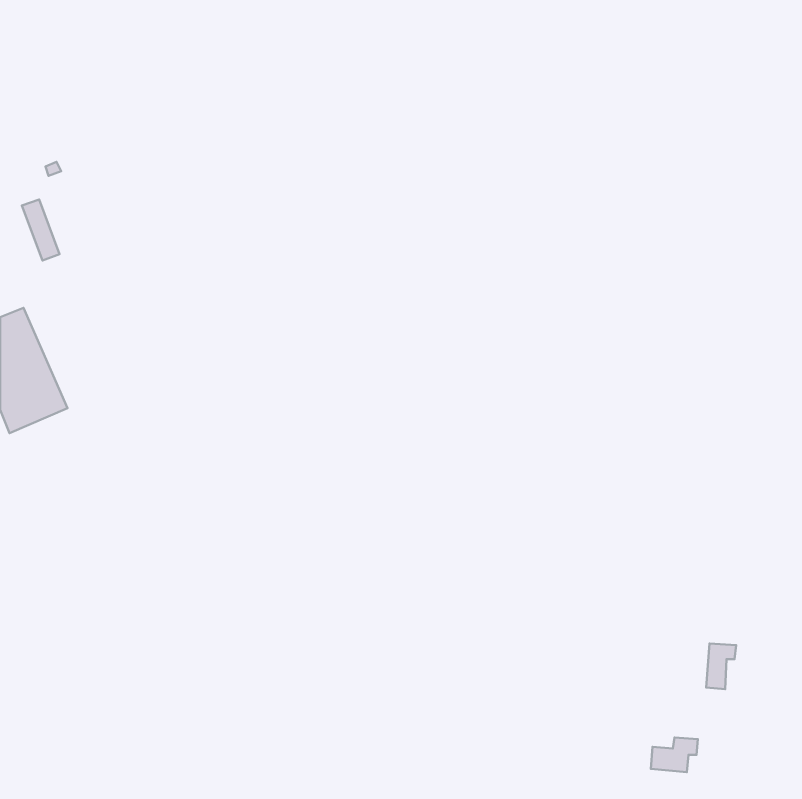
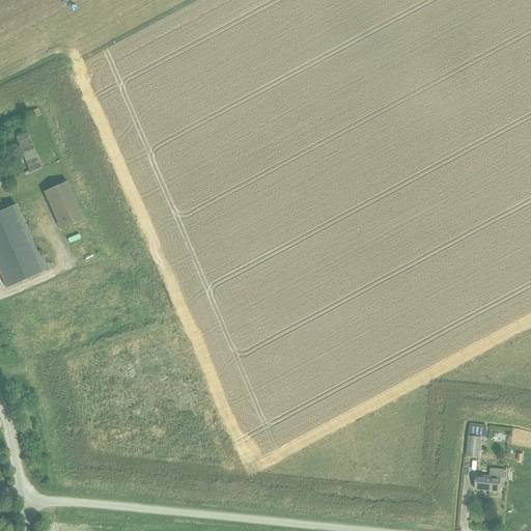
building: none -> [41,180,83,229]
building: [651,738,698,772] -> [475,467,506,490]

